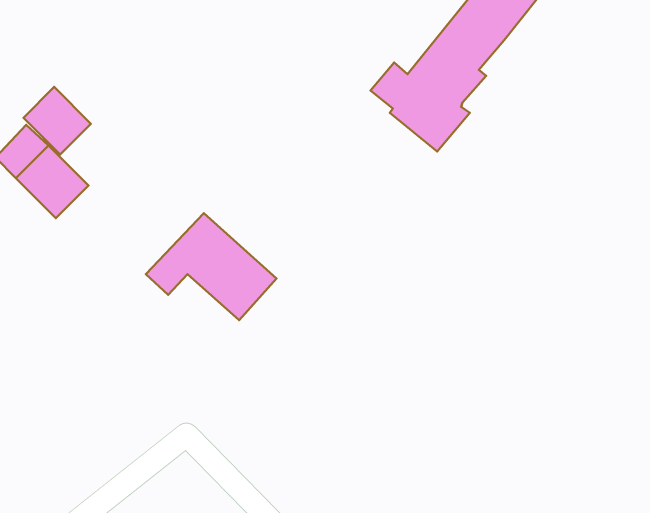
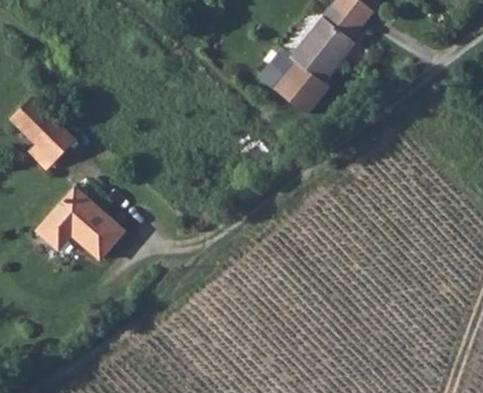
building: [23,87,91,155] -> none
building: [146,213,276,320] -> [34,187,122,259]

